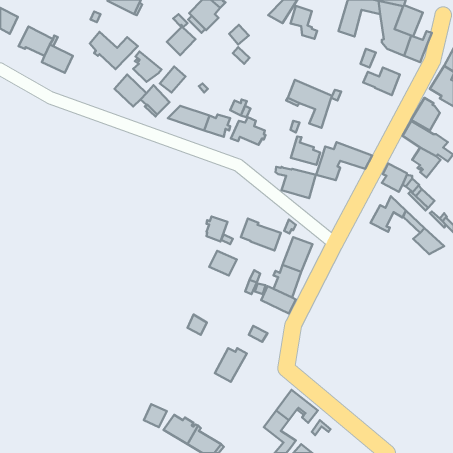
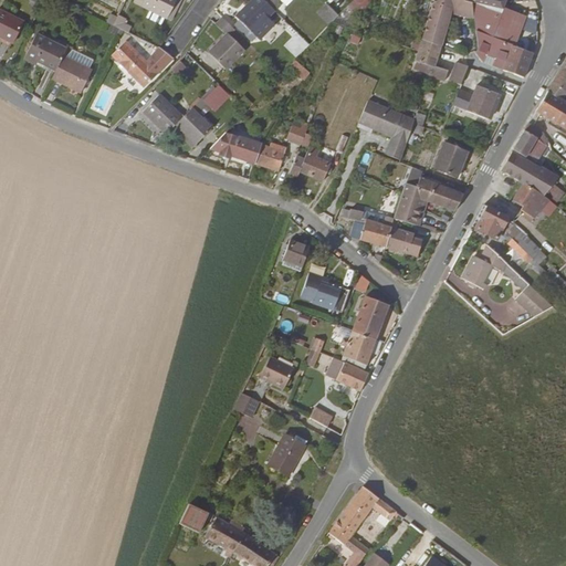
building: [291,6,317,39] -> [416,39,449,80]
building: [133,51,161,82] -> none
building: none -> [434,143,468,176]
building: [291,136,320,165] -> [386,220,422,255]
building: [206,217,228,242] -> [284,239,311,270]
building: [209,251,237,276] -> [260,356,294,387]

